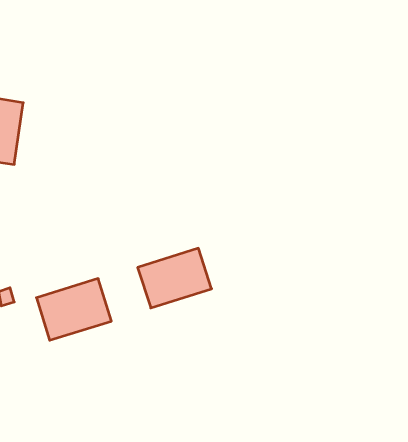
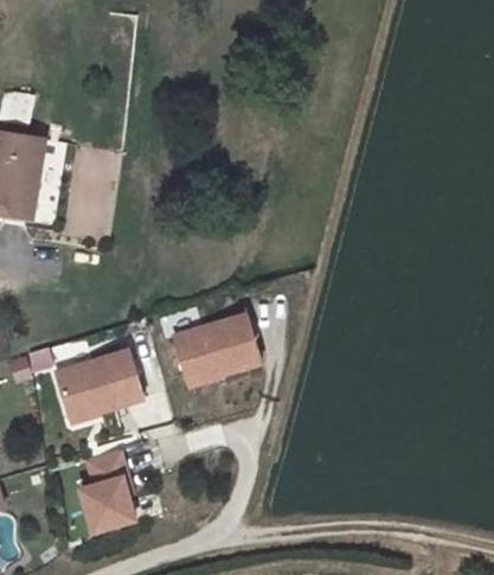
building: none -> [79,452,141,532]

